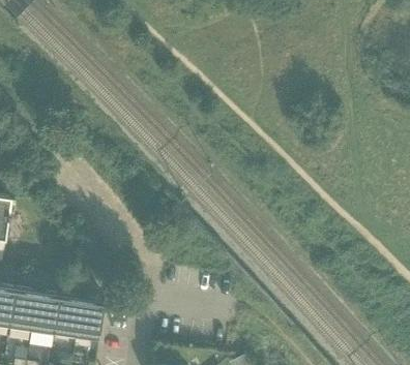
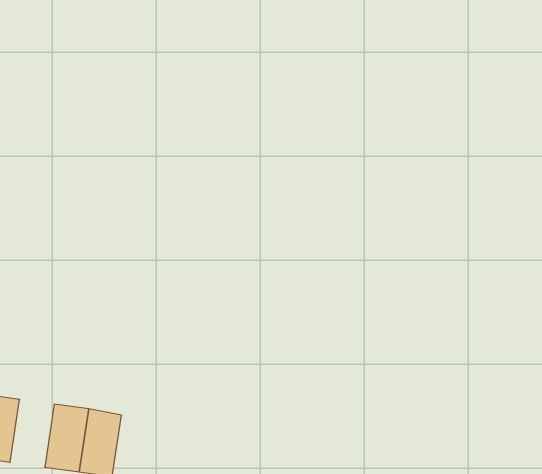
building: [30,293,59,337] -> none

